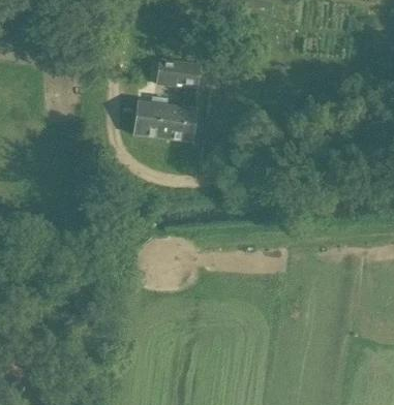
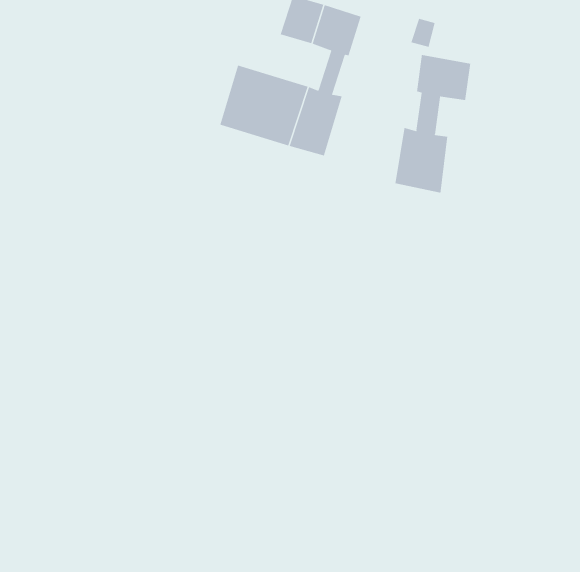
building: none -> [395,54,471,194]

